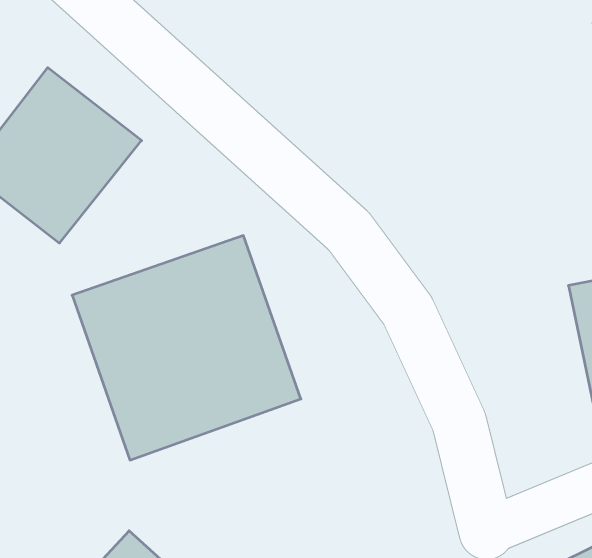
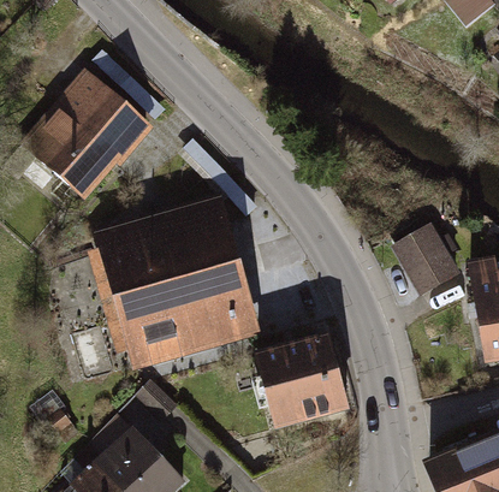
building: none -> [392,220,461,292]
building: none -> [261,338,347,422]

